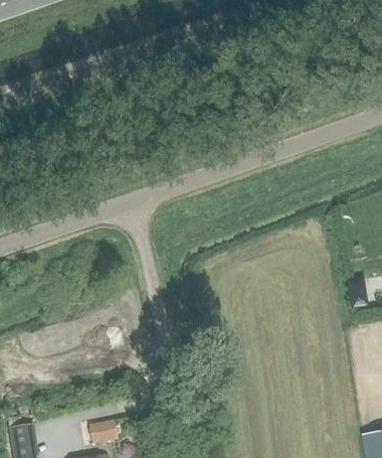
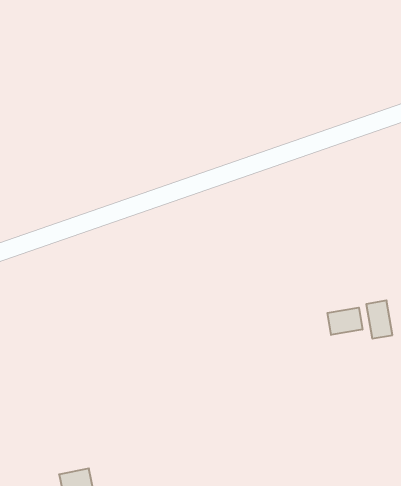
building: none -> [327,308,362,335]

